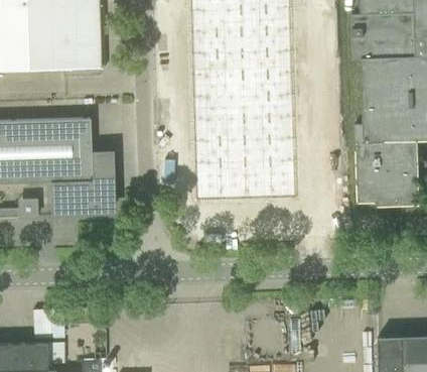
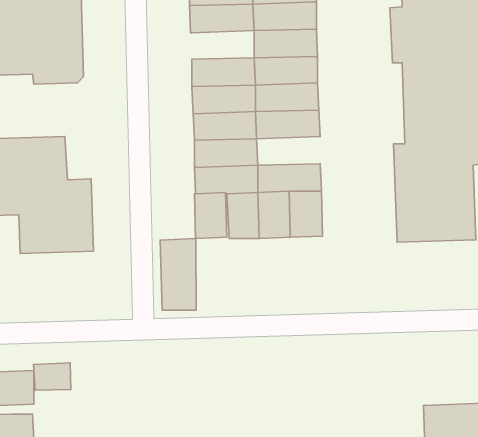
building: [191,32,243,55] -> none
building: [245,118,296,141] -> none
building: none -> [160,239,196,310]
building: none -> [33,363,71,390]

